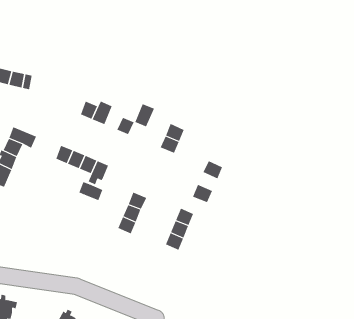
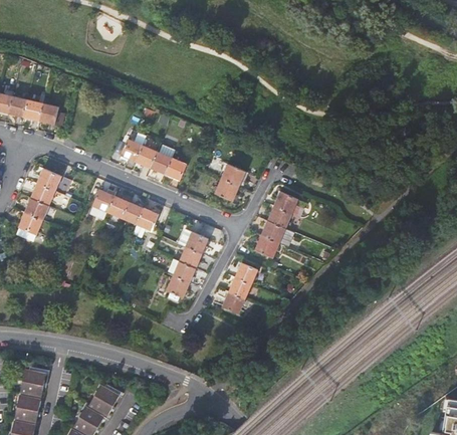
building: [134,104,155,127] -> [151,144,175,172]
building: none -> [273,195,303,219]
building: none -> [260,222,293,247]
building: [78,181,103,201] -> [177,229,206,252]

